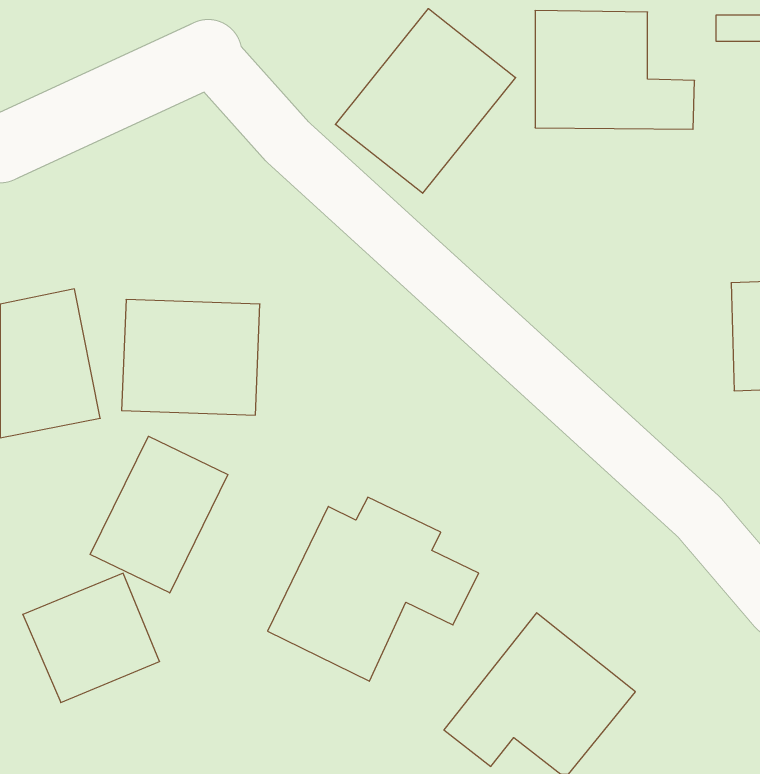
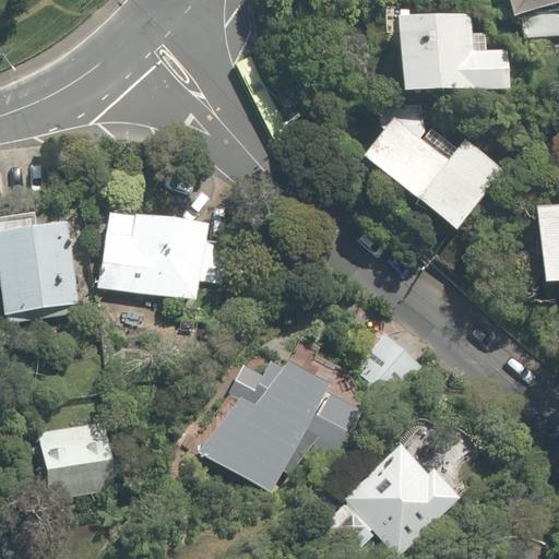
building: [335,9,516,193] -> none
building: none -> [359,105,507,231]
building: [90,436,228,593] -> none

